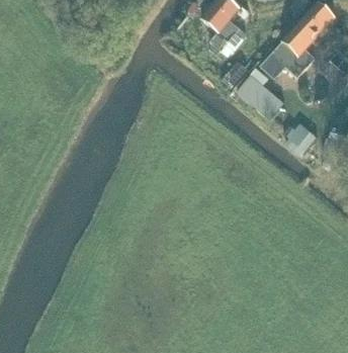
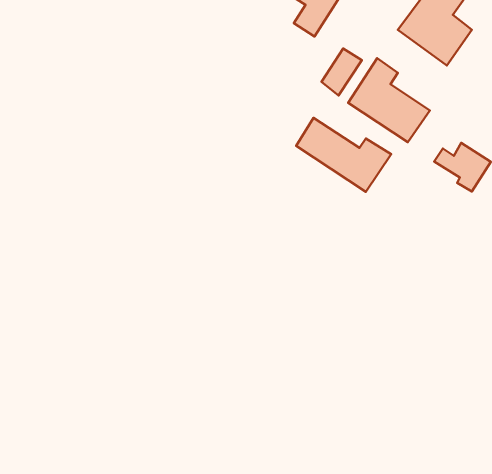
building: none -> [296,118,391,192]

